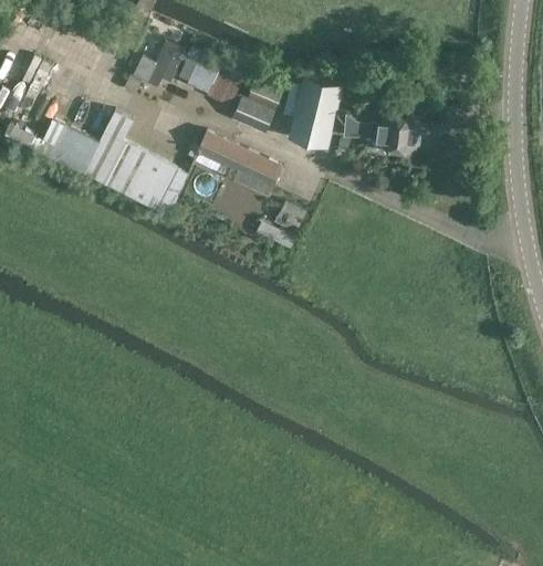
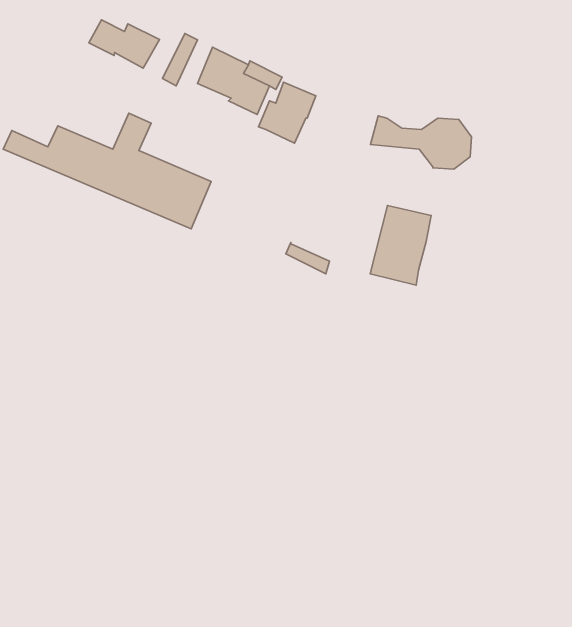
building: none -> [89,20,160,68]
building: [286,78,341,149] -> [370,205,431,285]
building: [195,133,279,190] -> none

